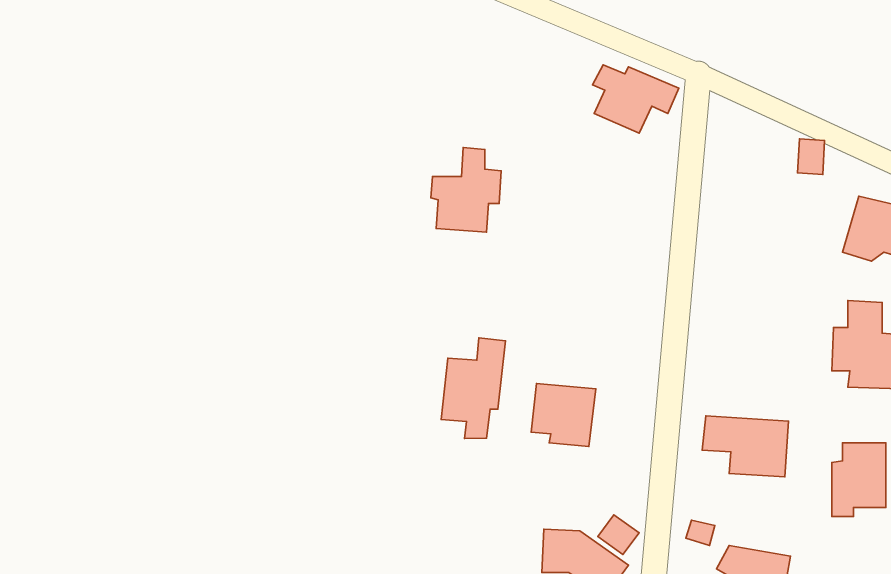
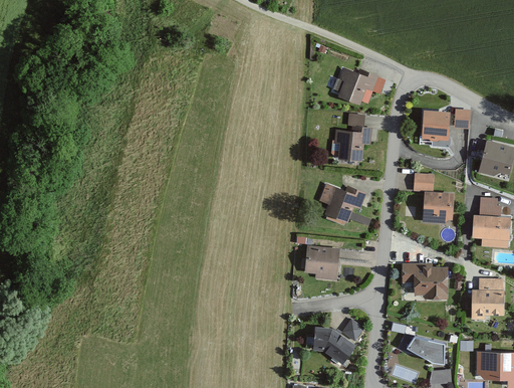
building: none -> [422,110,451,141]
building: [431,148,501,232] -> [333,115,372,162]
building: none -> [414,174,456,223]
building: none -> [320,183,365,224]
building: [441,338,506,438] -> none

